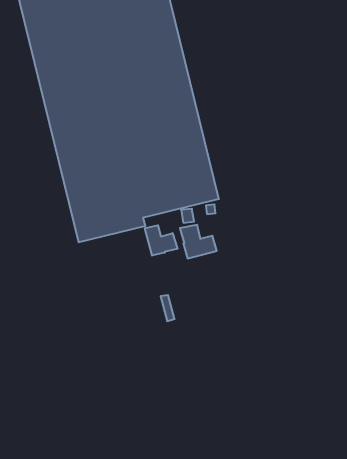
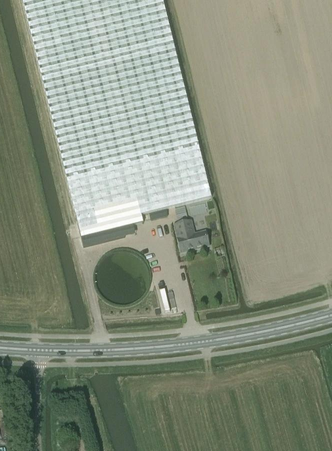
building: [145,225,178,256] -> none

